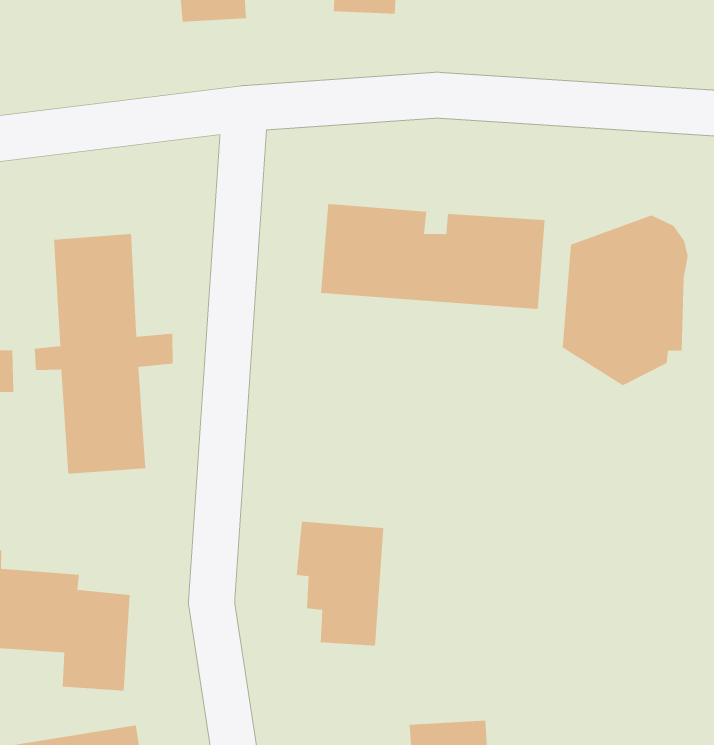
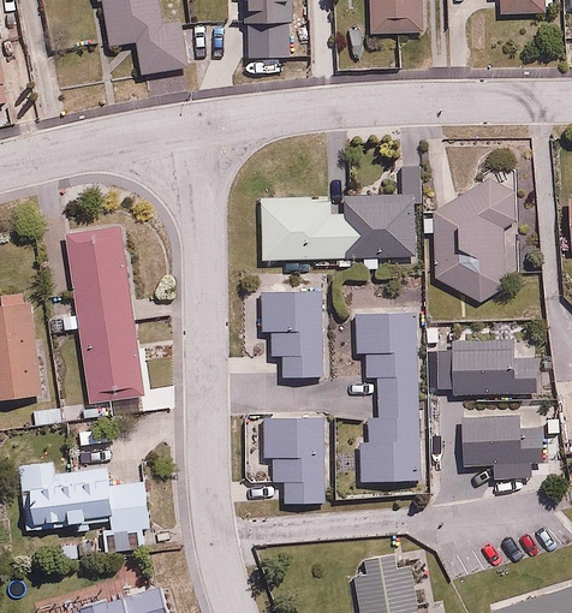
building: none -> [258,278,328,380]
building: none -> [356,313,418,480]
building: none -> [449,343,538,393]
building: none -> [464,411,542,478]

